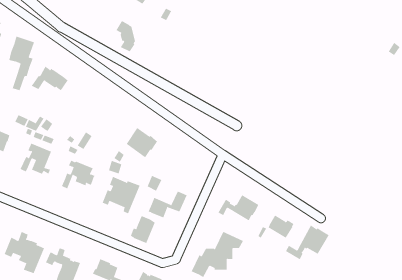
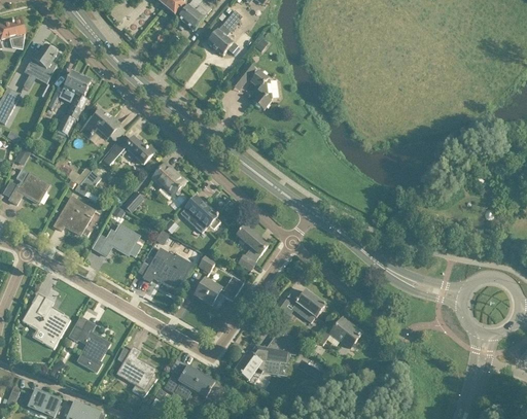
building: [116,20,136,52] -> [249,71,271,109]
building: none -> [102,136,154,166]
building: none -> [151,163,184,199]
building: none -> [236,225,267,271]
building: [130,214,156,244] -> none
building: [285,225,329,260] -> none

